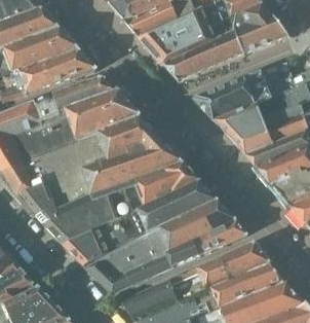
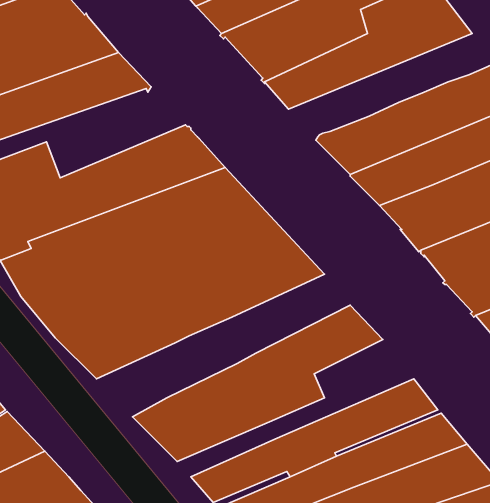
building: [35,77,118,122] -> none
building: [65,180,217,265] -> none
building: [195,219,247,254] -> none

